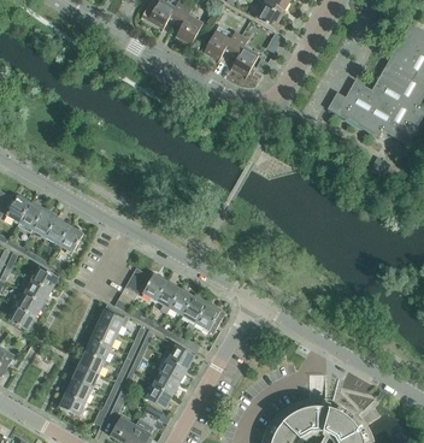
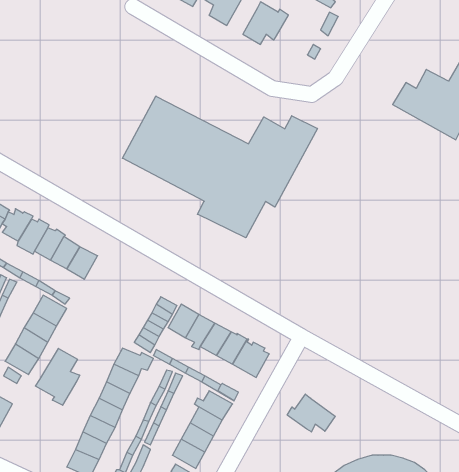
building: [229,36,258,76] -> none
building: none -> [122,96,317,238]
building: none -> [35,348,80,405]
building: none -> [287,394,335,432]

